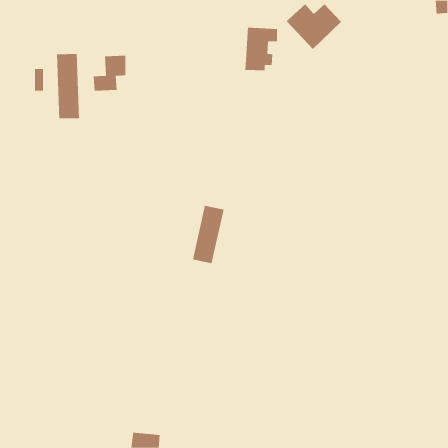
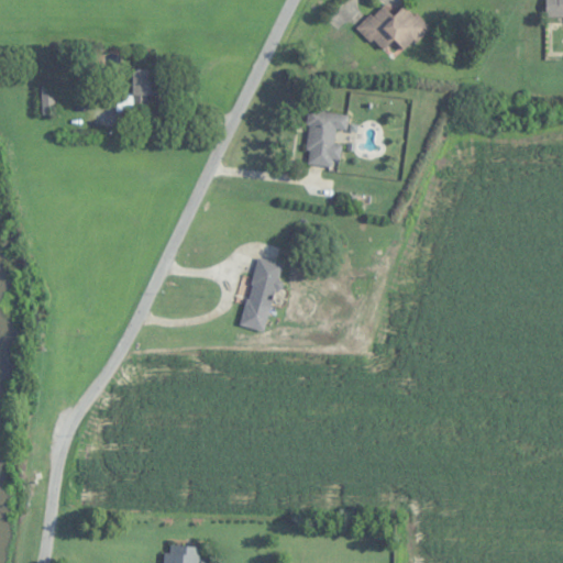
building: [244,27,278,71] -> [306,111,347,166]
building: [56,53,79,119] -> none

